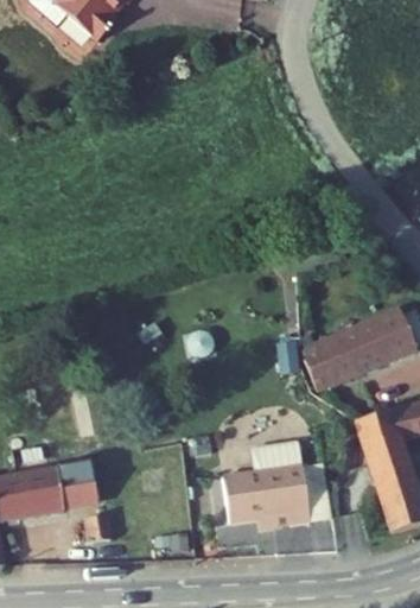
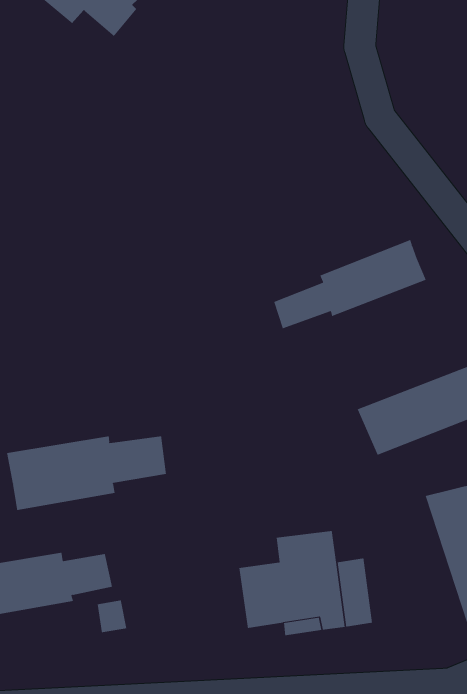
building: none -> [273,239,426,329]
building: none -> [7,436,166,511]

